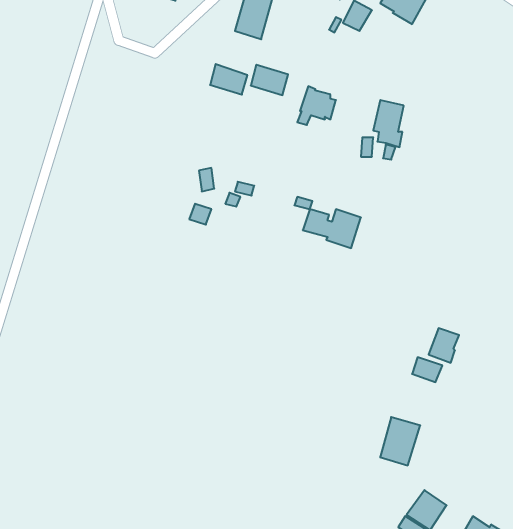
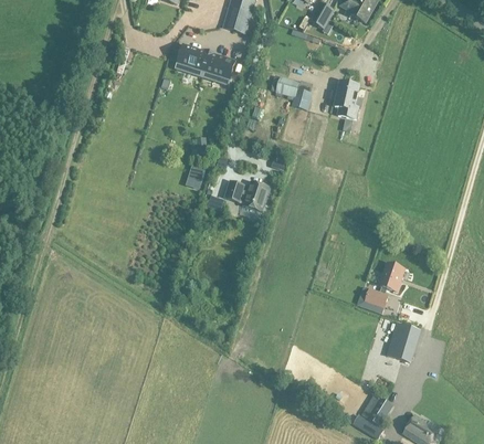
building: [251,65,288,95] -> [179,45,209,70]
building: [303,209,361,248] -> [224,180,271,211]
building: [380,417,420,465] -> [388,323,420,361]

